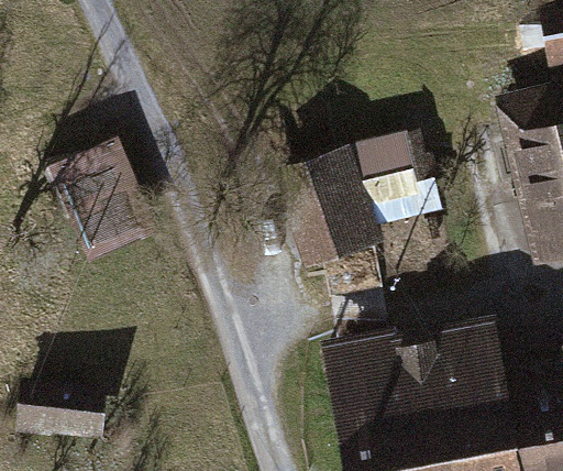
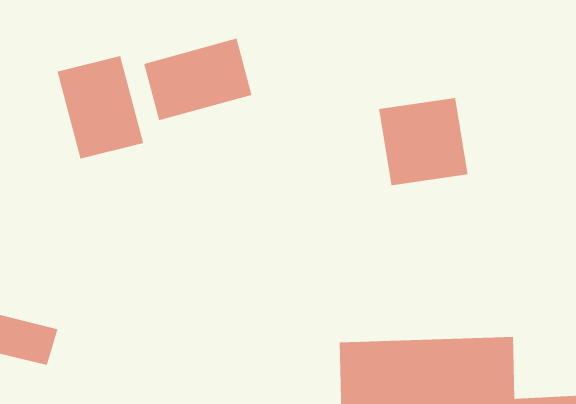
building: none -> [143,38,252,121]
building: [286,149,376,261] -> none

